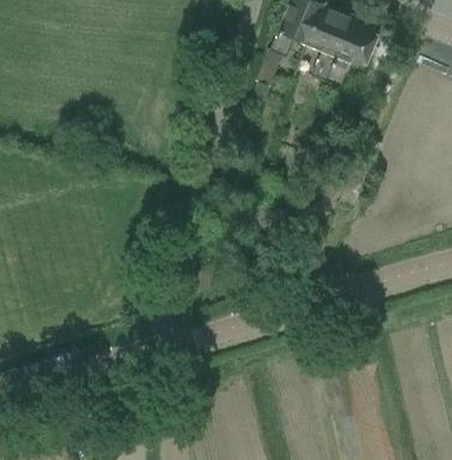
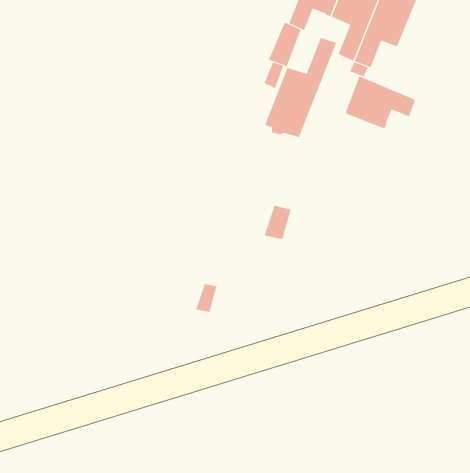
building: none -> [265,37,337,138]
building: none -> [345,75,416,129]

